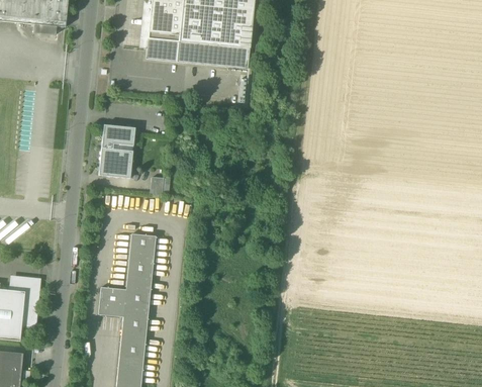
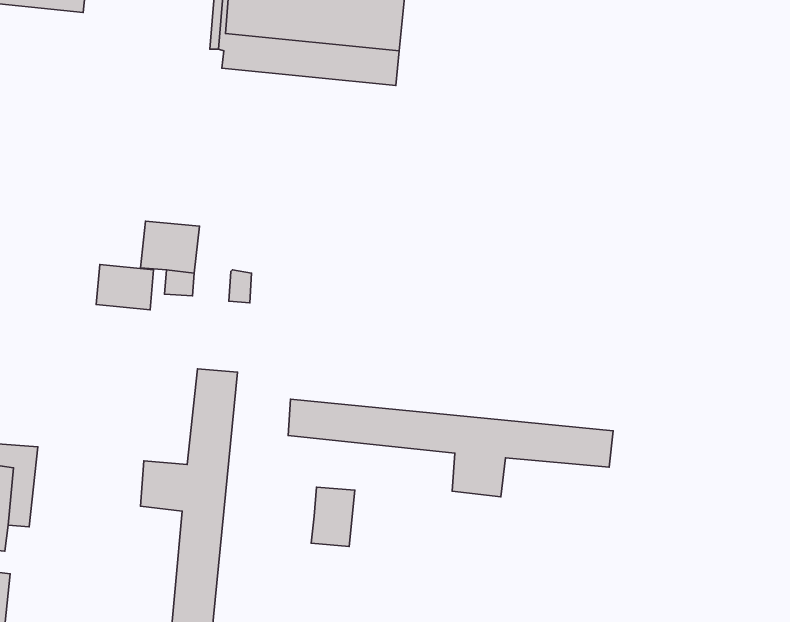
building: [101,124,134,151] -> [96,265,154,310]
building: none -> [288,399,613,497]
building: none -> [311,487,355,546]

